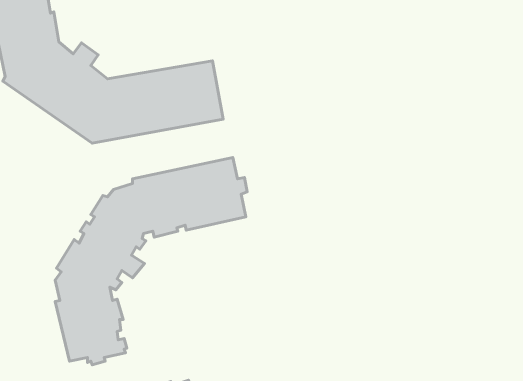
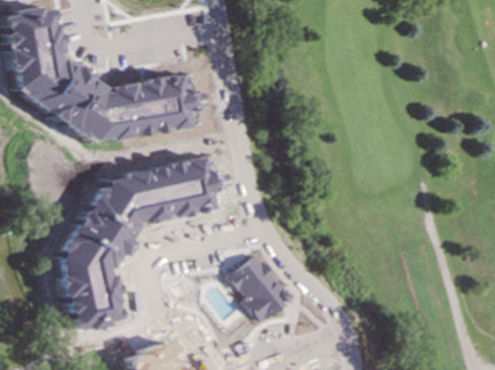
building: none -> [229,254,296,322]

